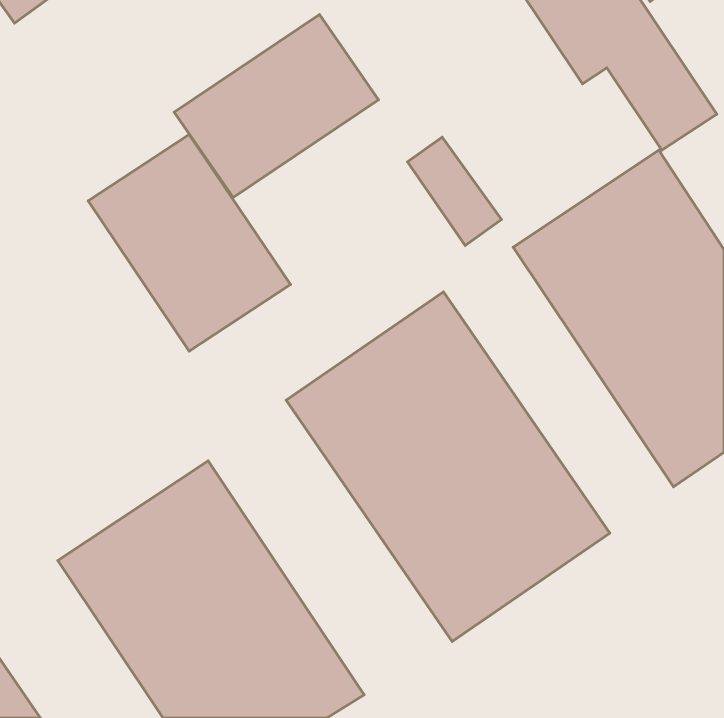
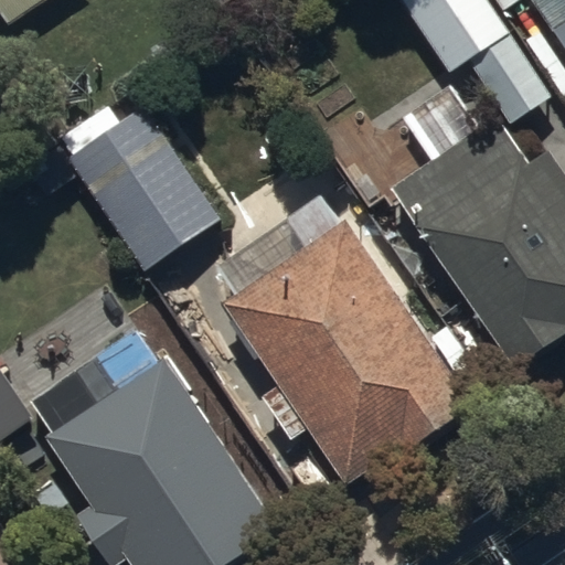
building: [174,15,379,198] -> none

